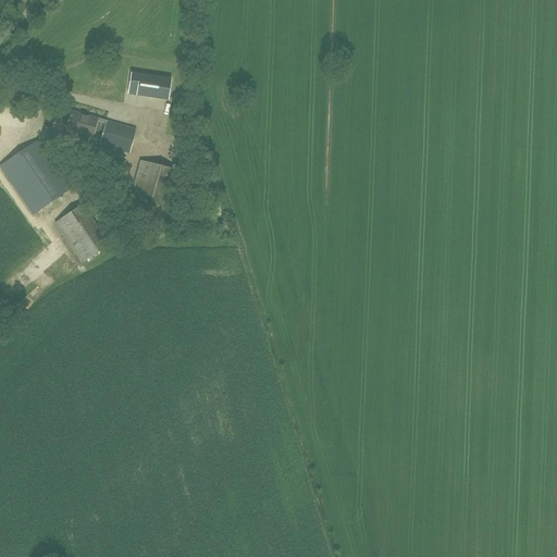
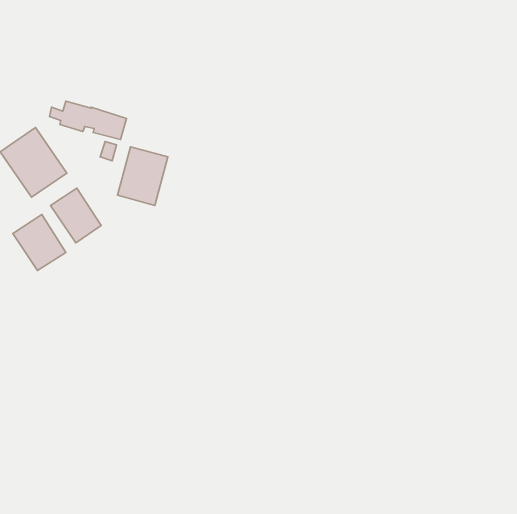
building: [128,71,171,97] -> none
building: none -> [13,215,66,271]

